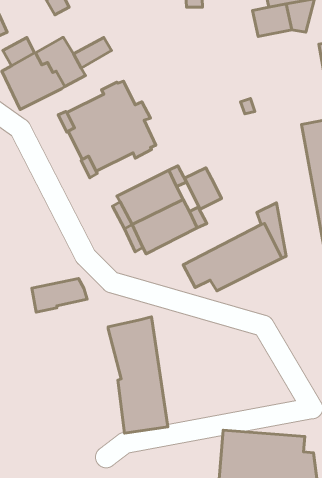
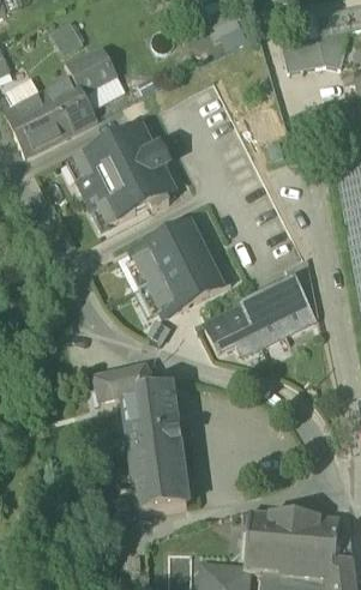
building: none -> [65,46,118,92]
building: [184,168,222,209] -> none
building: [32,279,87,312] -> [95,363,156,401]

